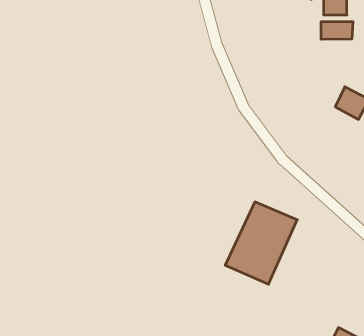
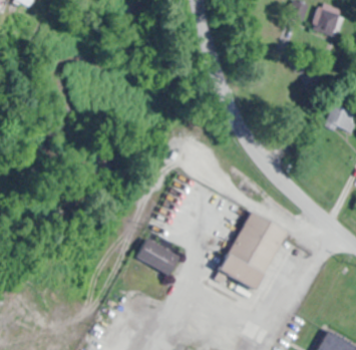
building: [321,22,353,39] -> none
building: none -> [135,239,180,276]

